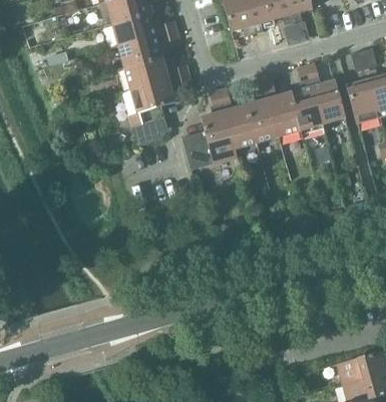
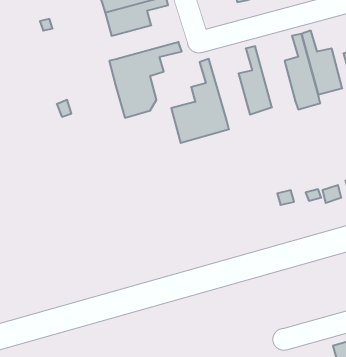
building: [124,58,188,90] -> none
building: [262,75,300,136] -> none
building: [218,88,257,149] -> none

